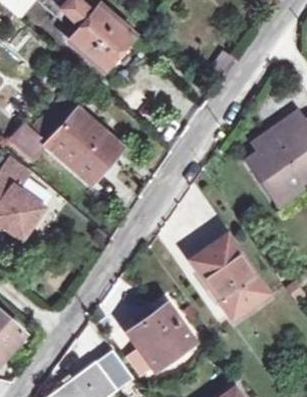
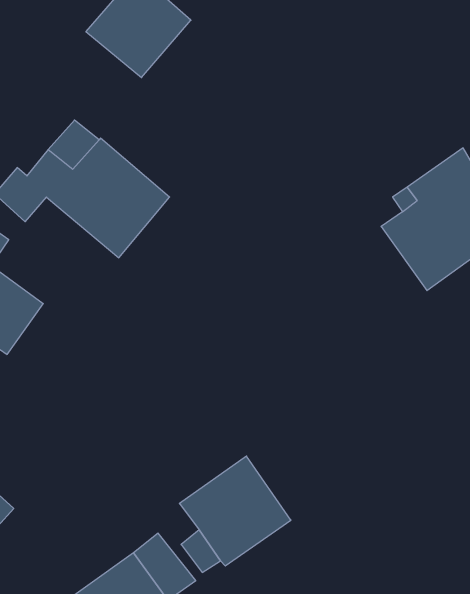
building: [193,235,266,316] -> none

